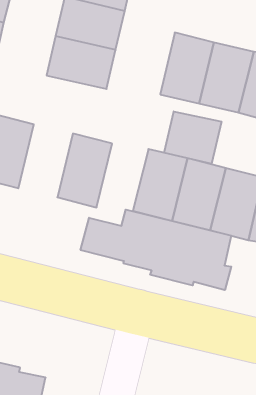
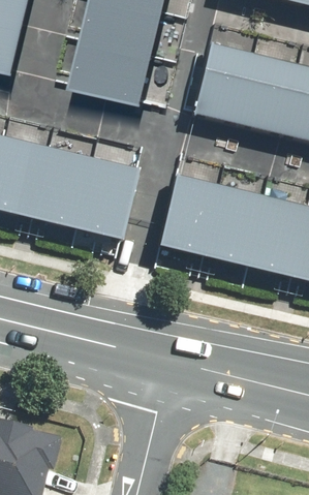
building: [164,111,221,164] -> none
building: none -> [34,147,96,229]
building: [81,210,231,290] -> none

